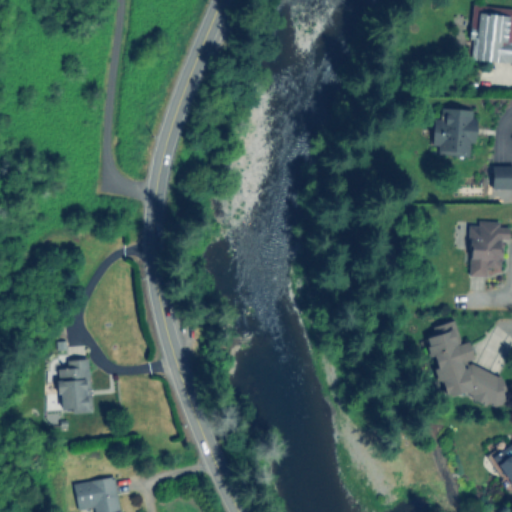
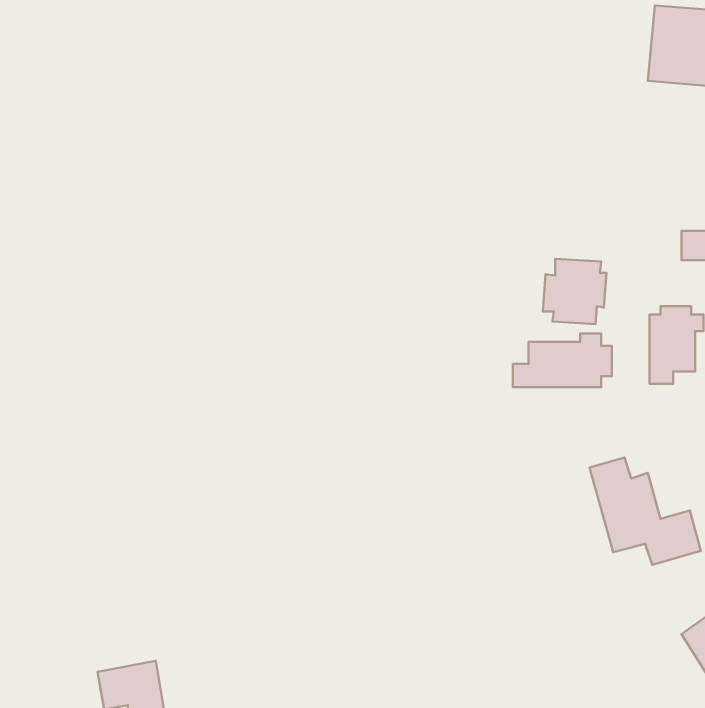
building: [433,109,479,156] -> [543,259,607,324]
building: none -> [513,333,612,387]
building: [59,360,94,415] -> none

